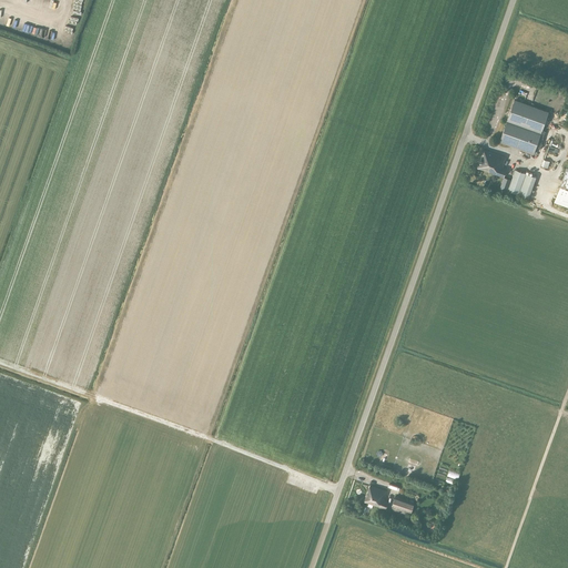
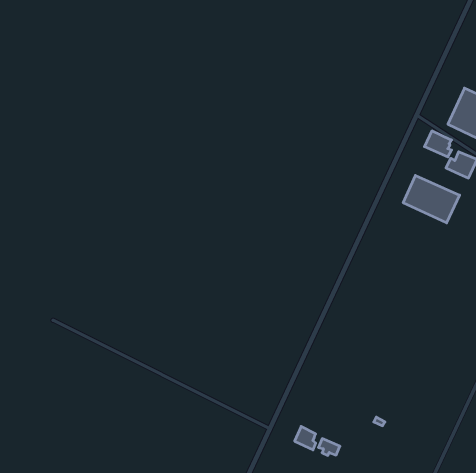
building: none -> [403,175,460,223]

